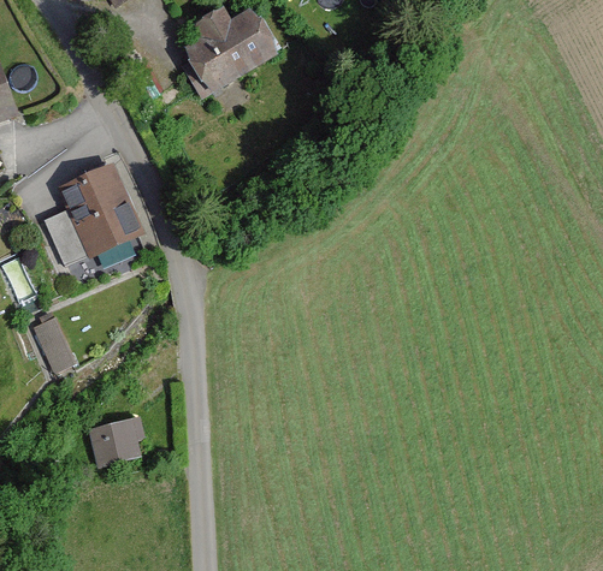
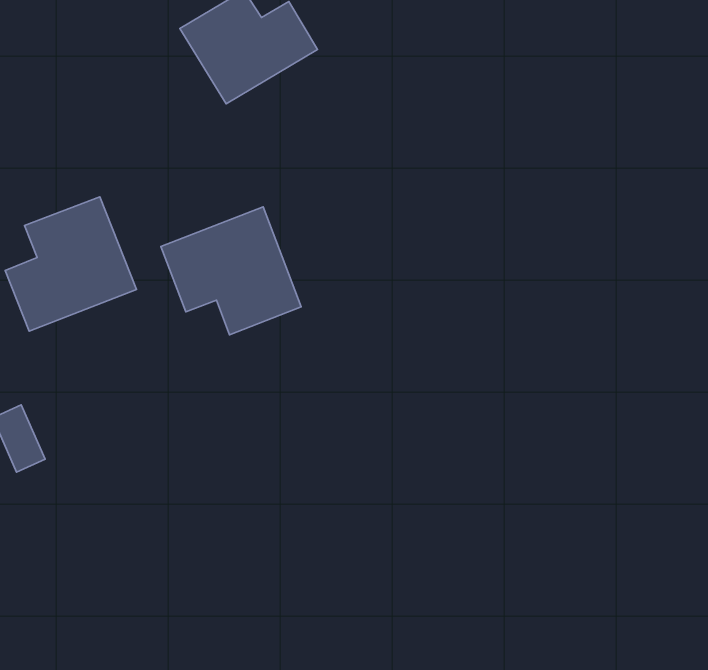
building: none -> [161,207,301,335]
building: [89,415,143,469] -> none

